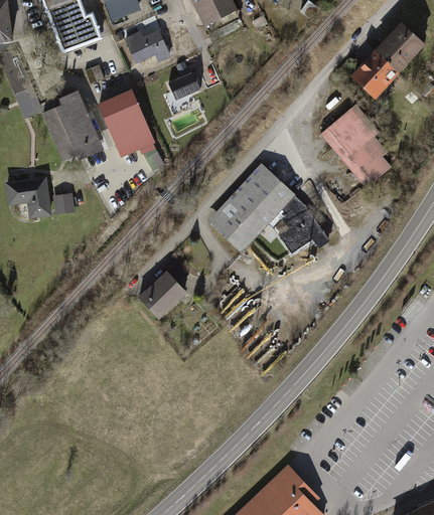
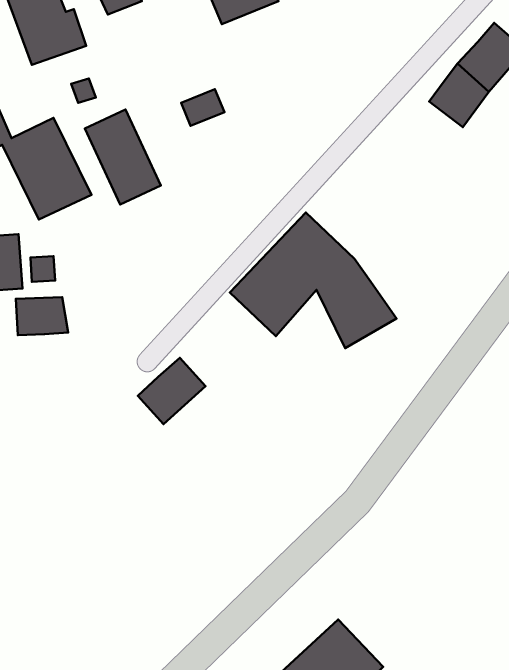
building: [122,28,171,65] -> none
building: [320,108,393,187] -> none
building: none -> [16,297,68,335]

